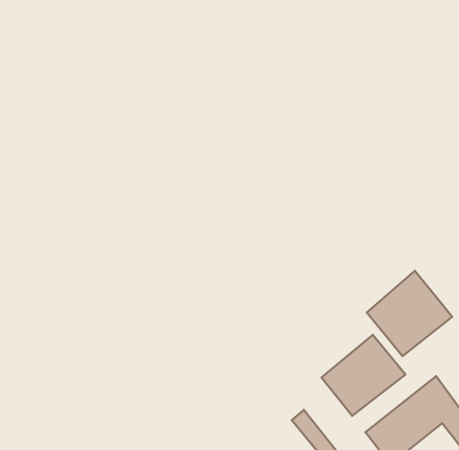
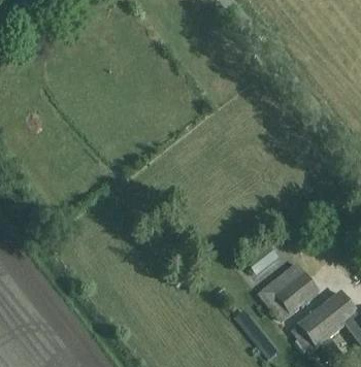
building: [367,271,452,356] -> none

